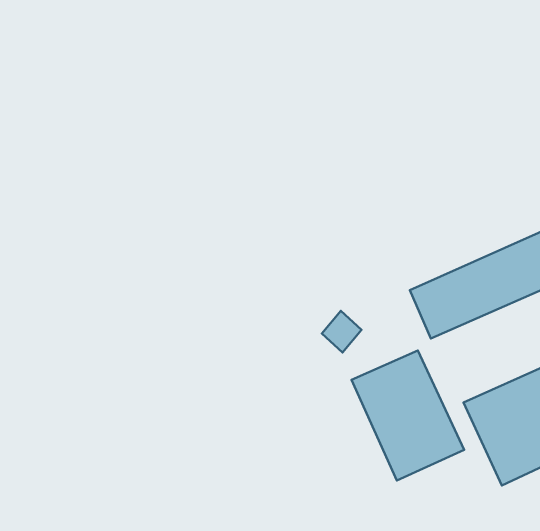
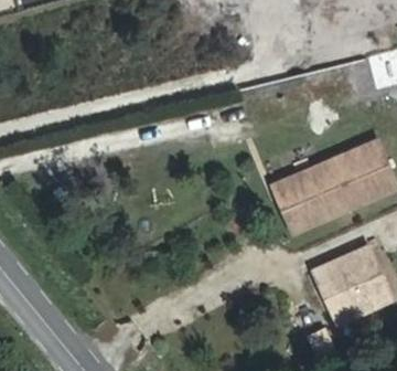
building: [351,350,464,481] -> none

